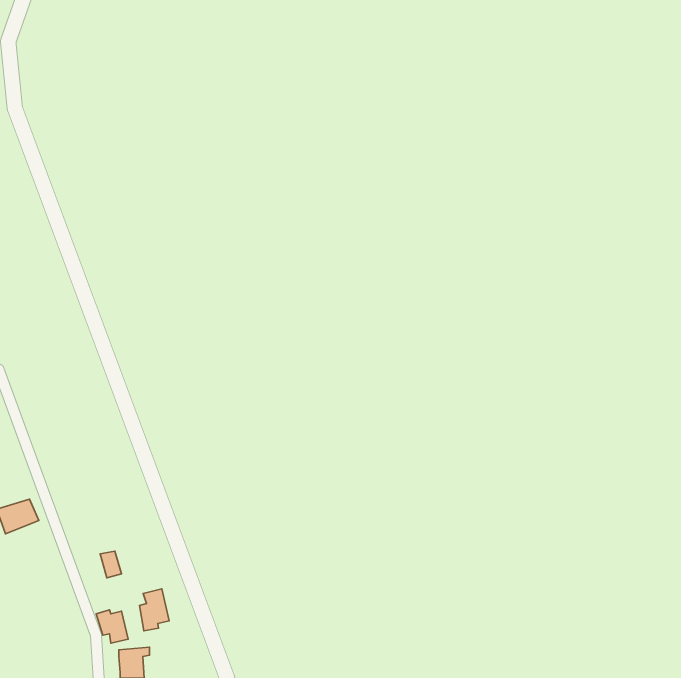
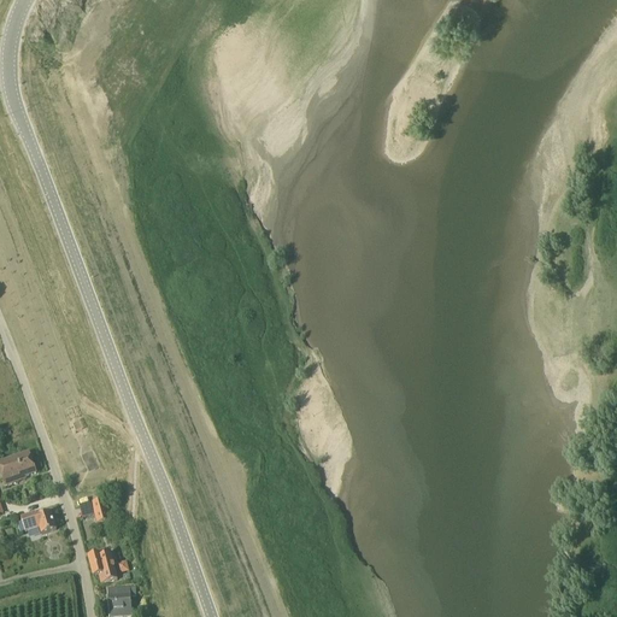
building: none -> [19,510,55,533]
building: [139,589,169,631] -> none

